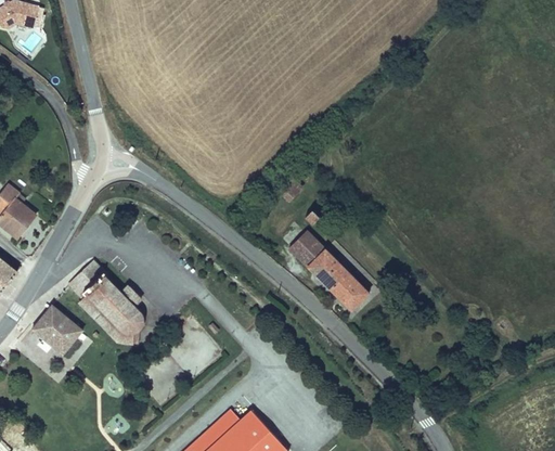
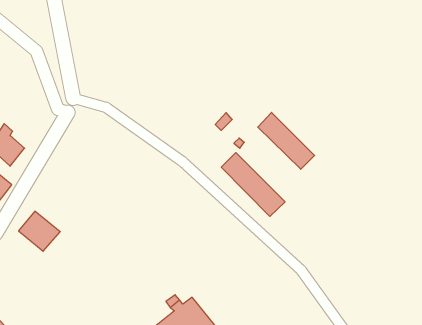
building: none -> [258,112,315,169]
building: [74,265,146,344] -> none

